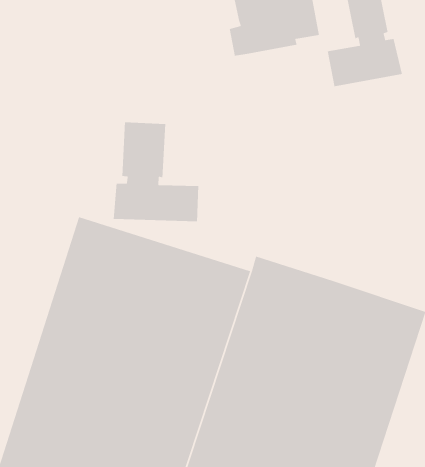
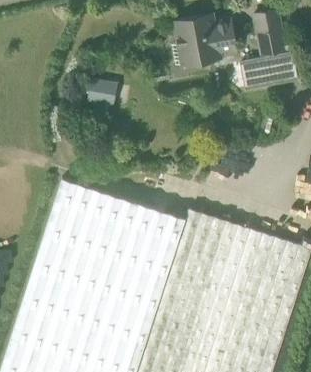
building: none -> [85,79,114,103]
building: [113,121,199,222] -> none

